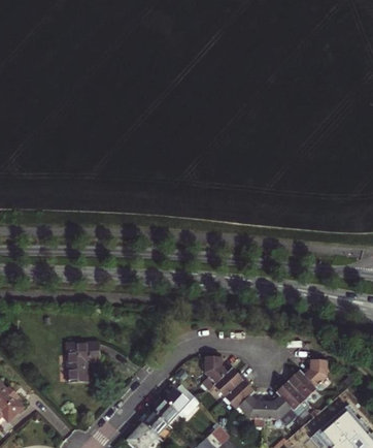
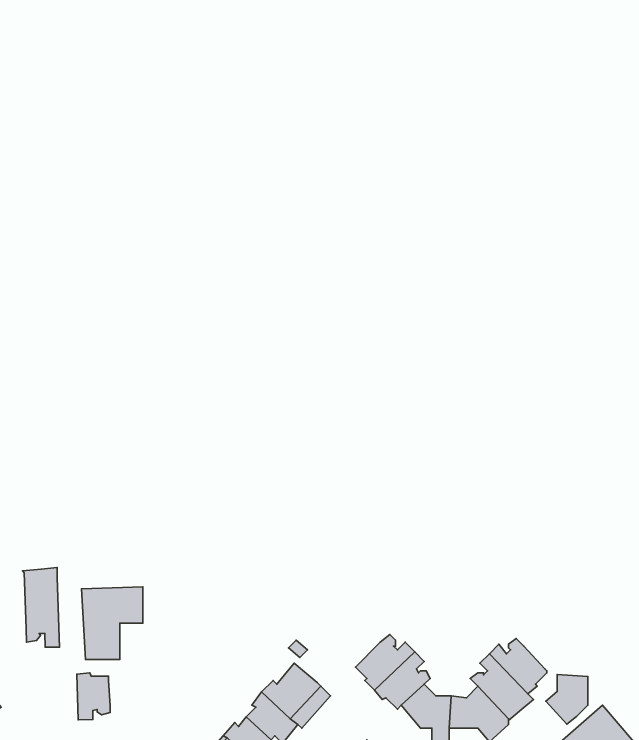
building: none -> [23,567,60,647]
building: [202,357,227,390] -> none
building: [304,360,327,387] -> [546,674,588,724]
building: none -> [77,673,110,720]

